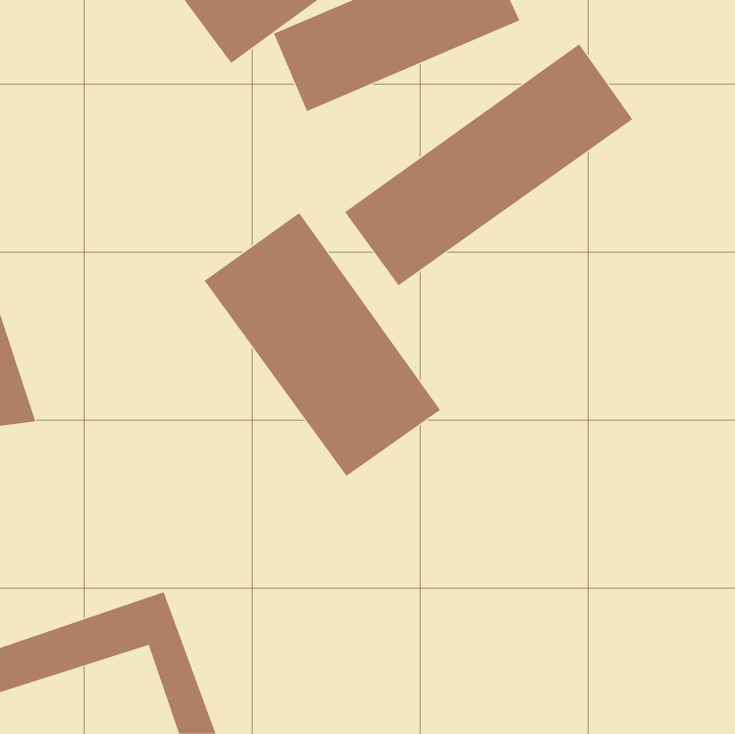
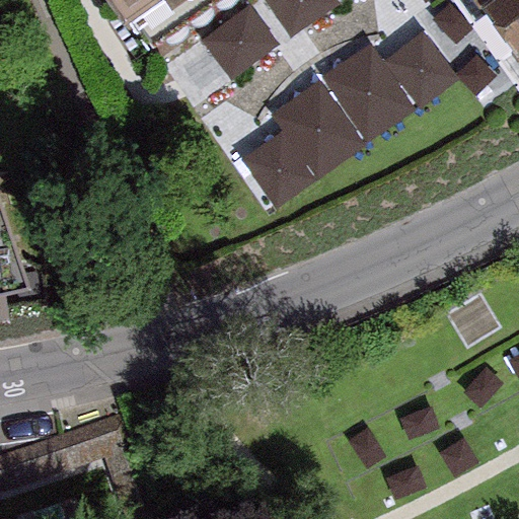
building: [204,212,441,477] -> none

